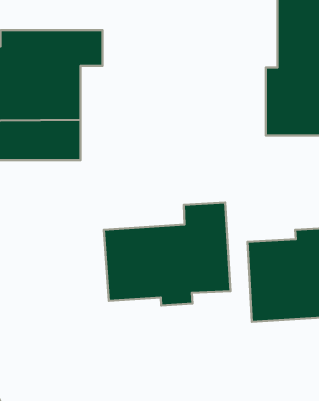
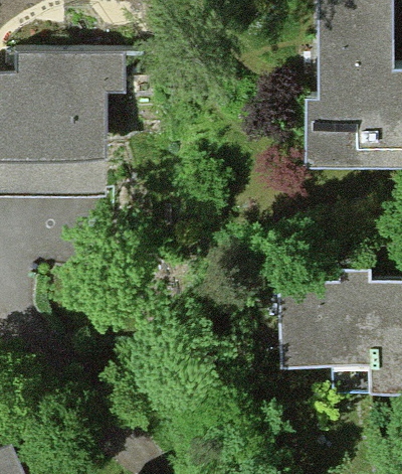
building: [104,203,230,306] -> none

